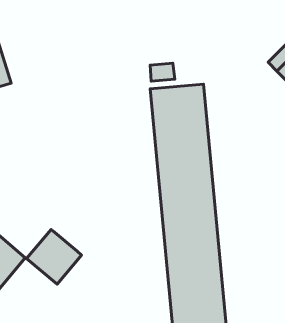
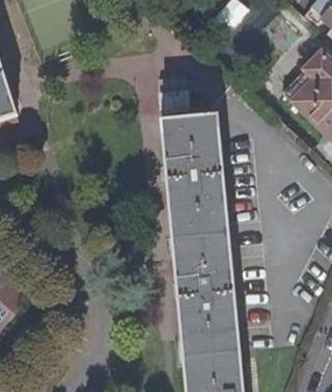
building: [27,230,82,284] -> none

